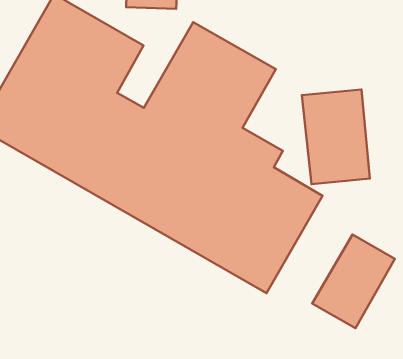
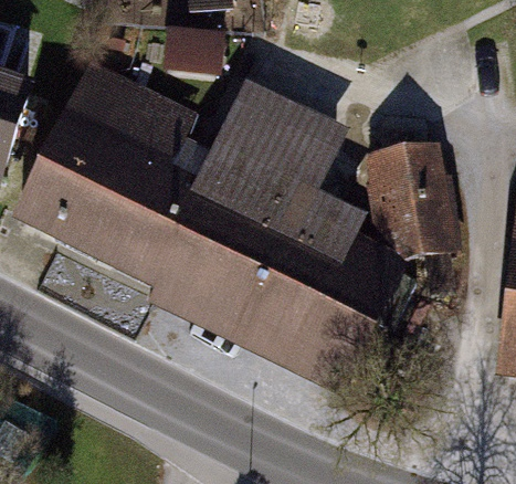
building: [312,235,395,328] -> none

